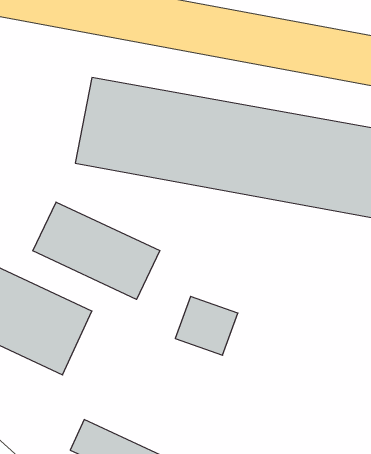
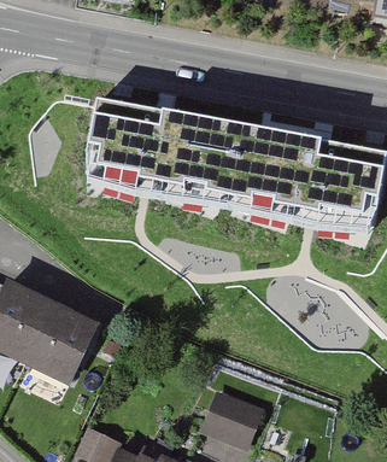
building: [33,202,160,299] -> none
building: [175,296,238,355] -> [203,387,262,443]

